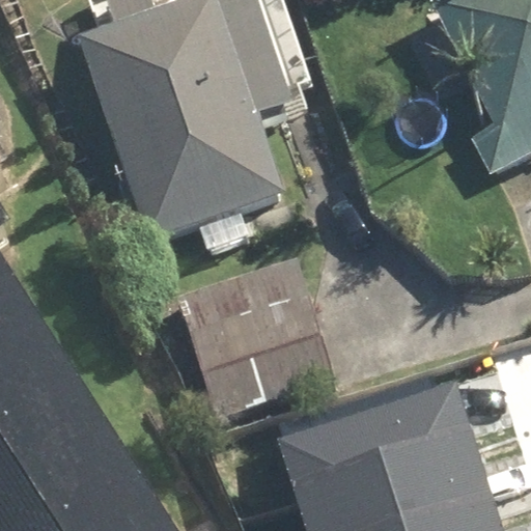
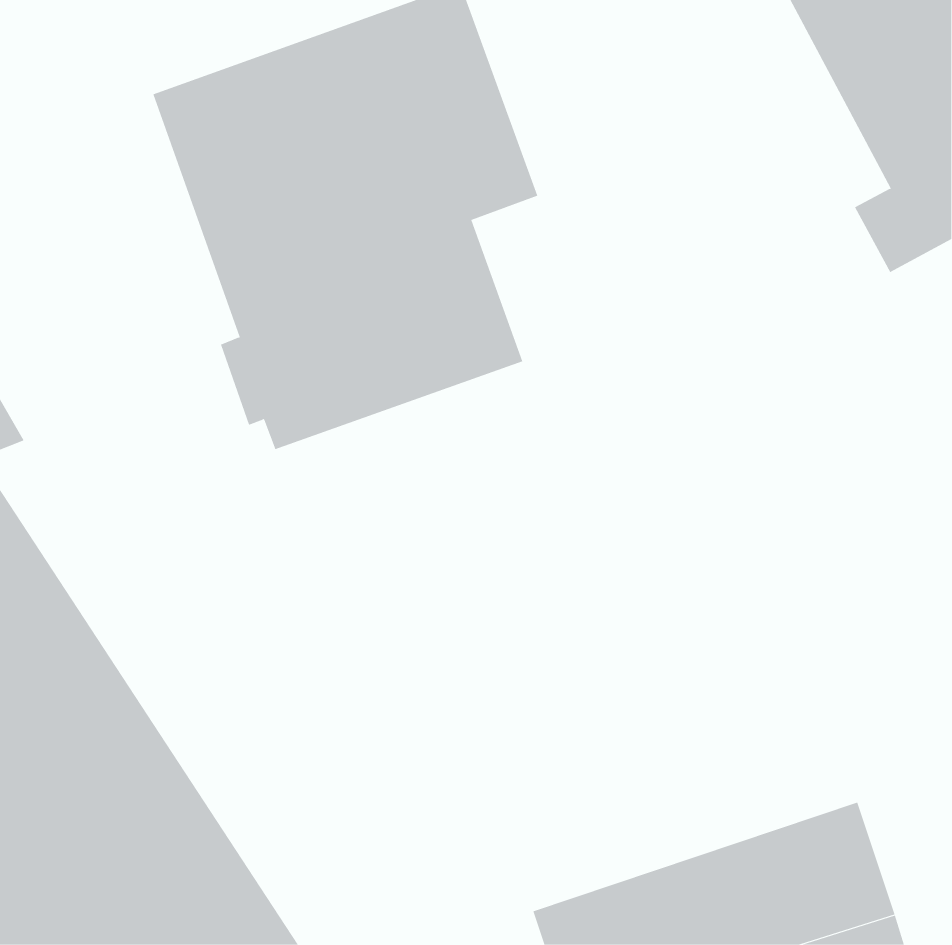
building: [177,259,335,417] -> none
building: [273,381,474,502] -> none

